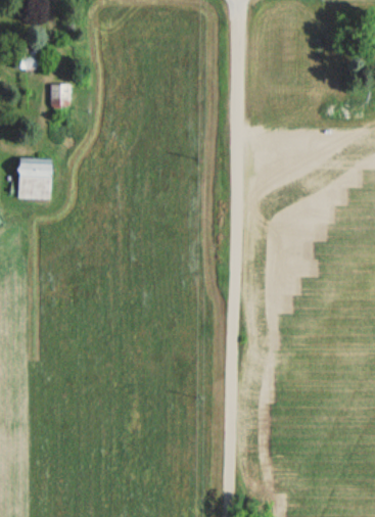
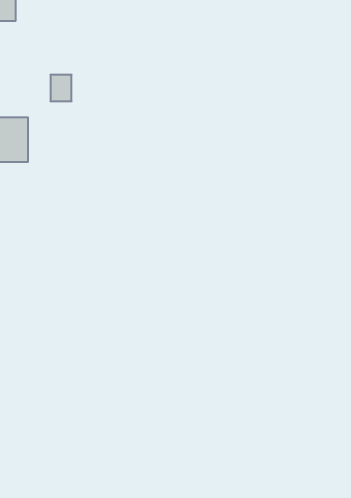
building: [51,84,71,108] -> [50,75,72,101]

